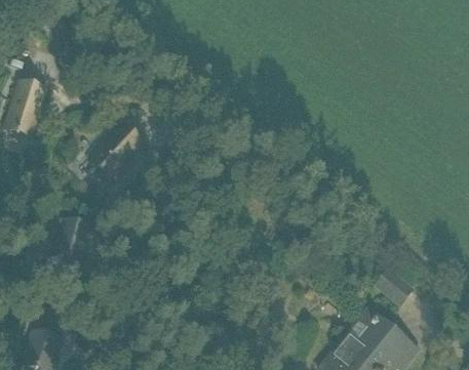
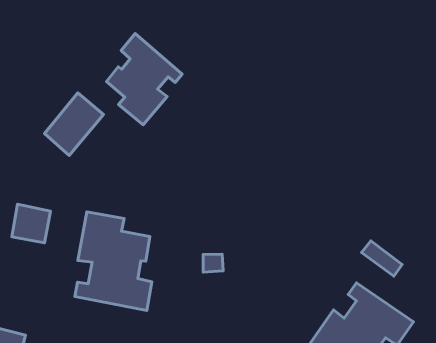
building: none -> [106,34,182,125]
building: none -> [75,212,152,310]

